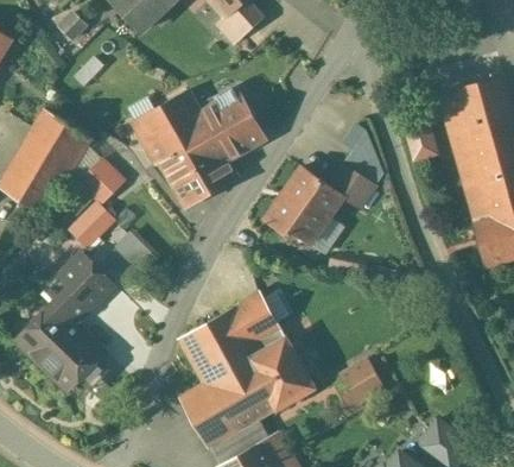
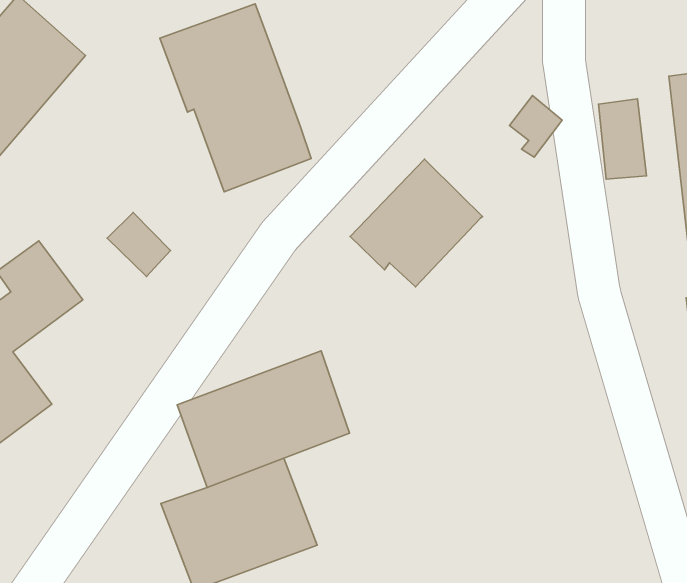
building: [199,93,264,160] -> none
building: [72,152,133,246] -> none
building: [328,164,374,209] -> none
building: [248,339,312,409] -> none
building: [334,360,383,409] -> none

